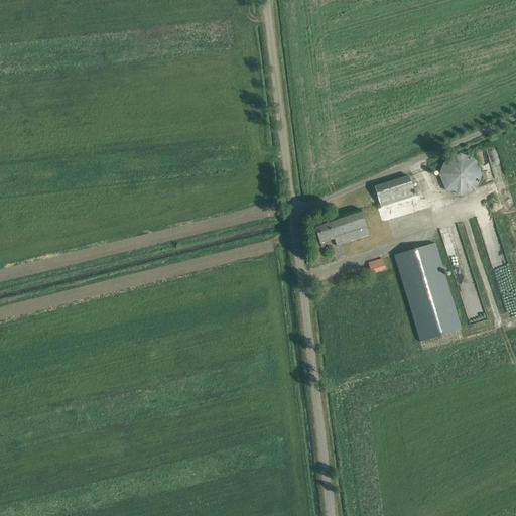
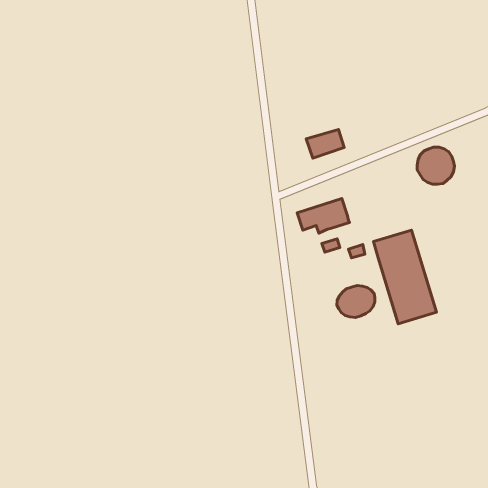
building: [374,176,414,207] -> [306,129,344,158]
building: none -> [337,286,375,317]

